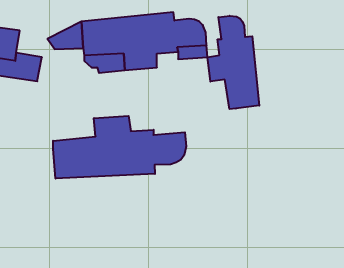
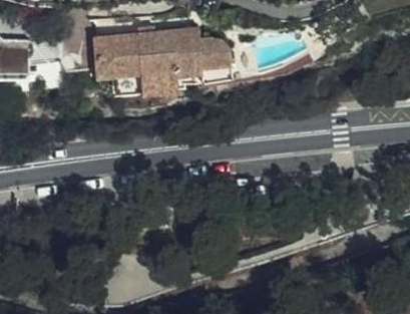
building: [208,16,259,109] -> none
building: [53,116,186,179] -> none

